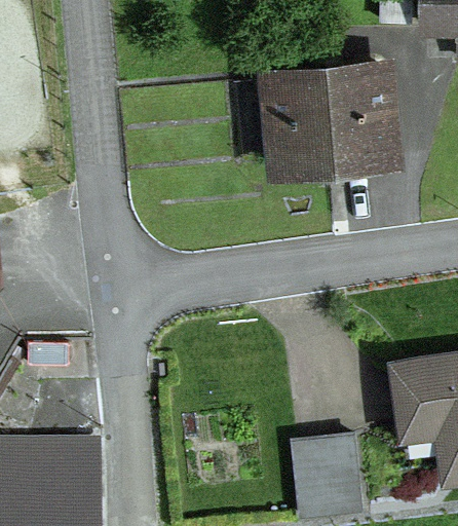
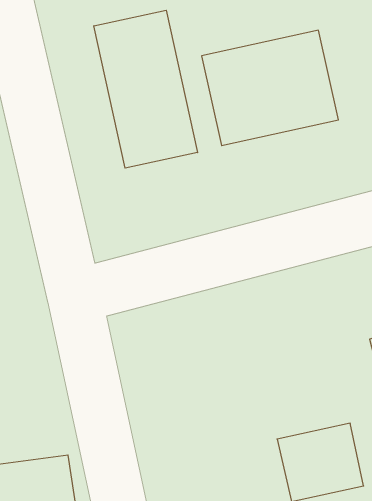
building: none -> [94,10,198,168]

